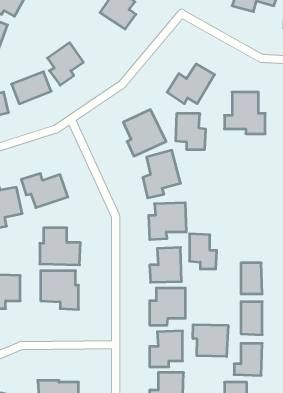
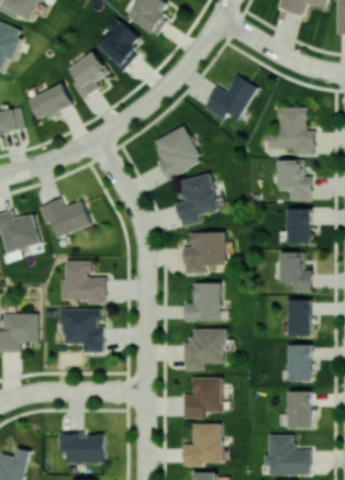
building: none -> [97,18,138,70]
building: [176,114,206,149] -> [277,159,311,200]
building: none -> [286,209,311,243]
building: [189,234,217,269] -> [280,252,311,291]
building: [193,325,228,357] -> none

